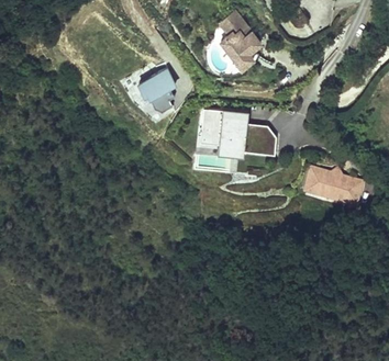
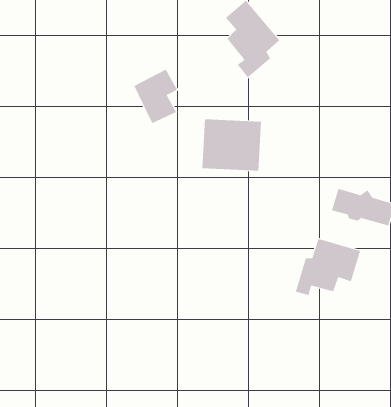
building: [247,127,276,156] -> none
building: none -> [295,238,361,296]

